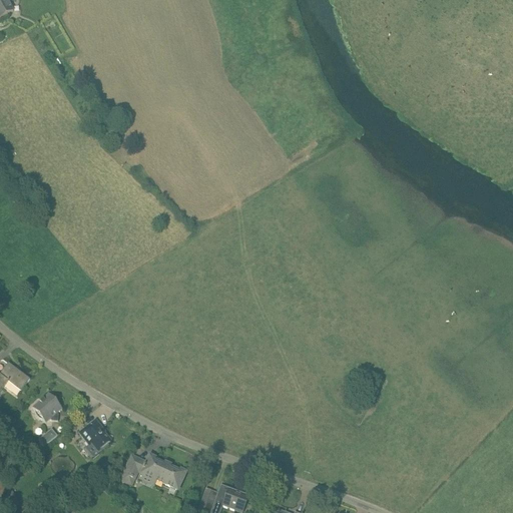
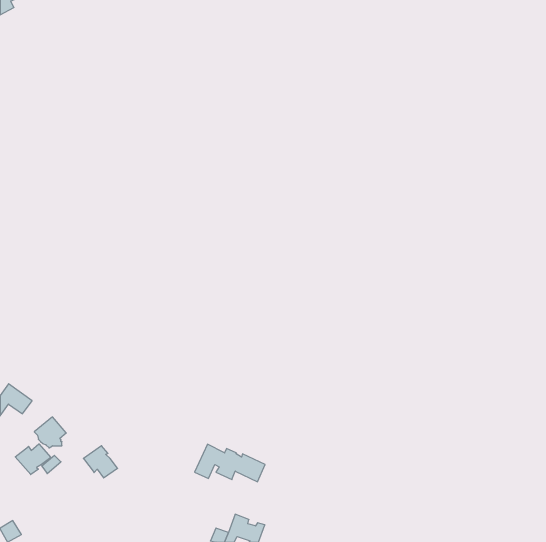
building: none -> [15,444,51,475]
building: [119,451,185,486] -> [195,444,265,482]

